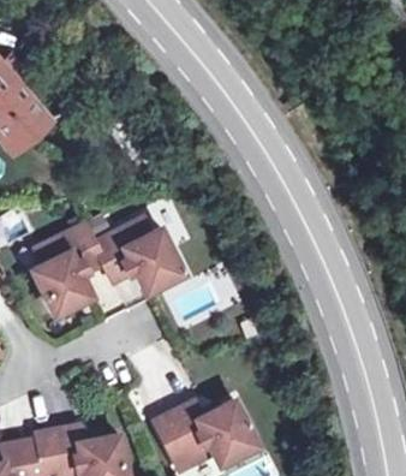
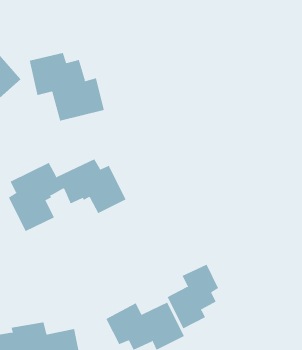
building: none -> [29,52,105,122]
building: none -> [167,264,219,329]

